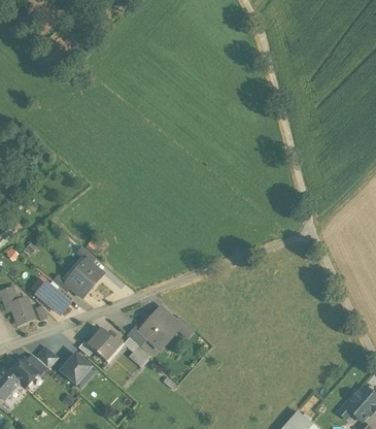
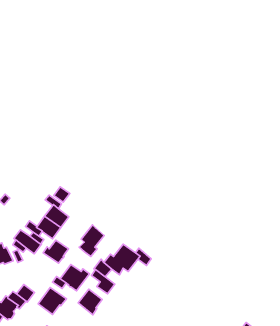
building: none -> [79,225,104,256]
building: none -> [43,240,68,263]
building: none -> [78,289,102,315]

